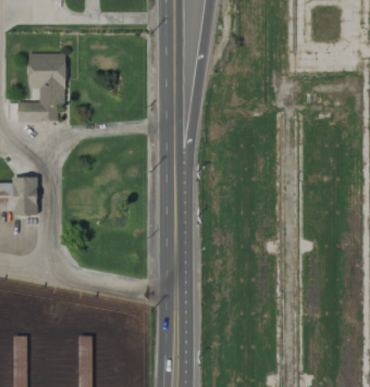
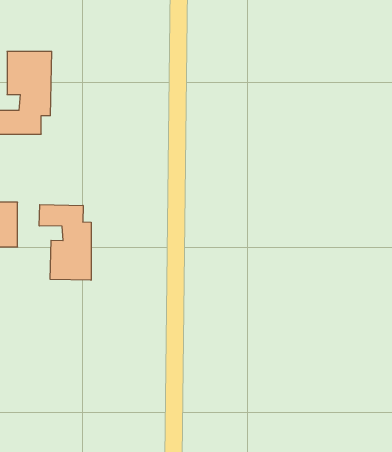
building: none -> [39,205,91,280]

